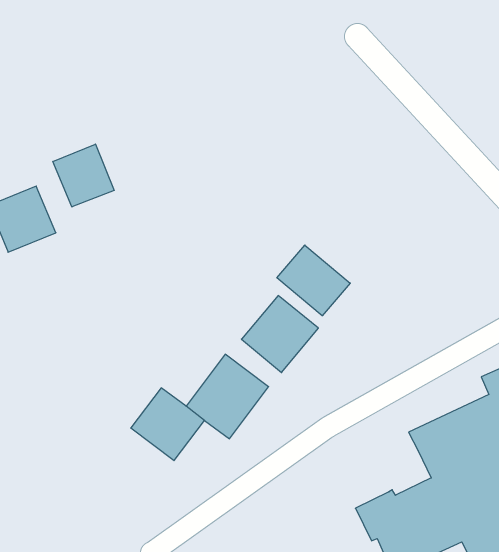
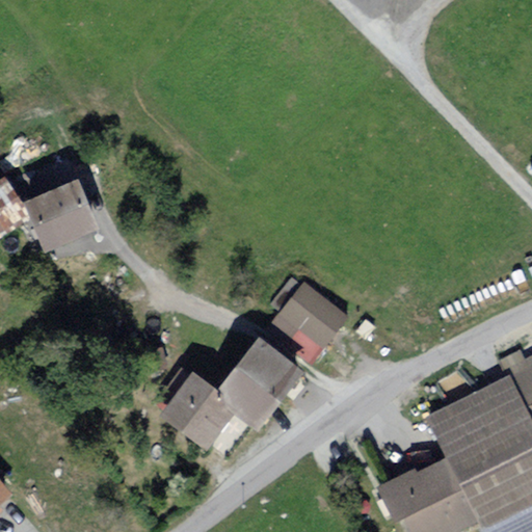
building: [53,144,114,207] -> none
building: [277,245,350,316] -> none

